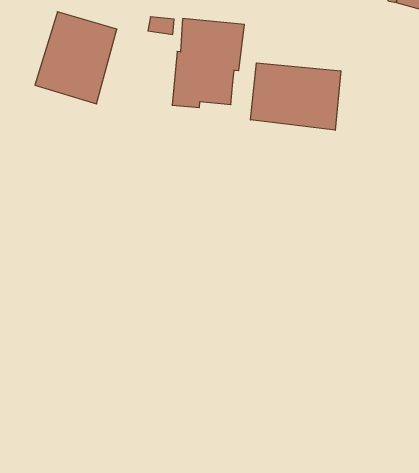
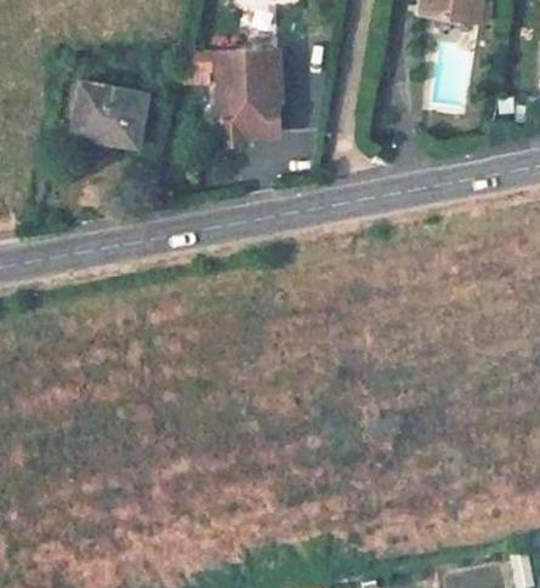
building: [250,63,341,130] -> none

